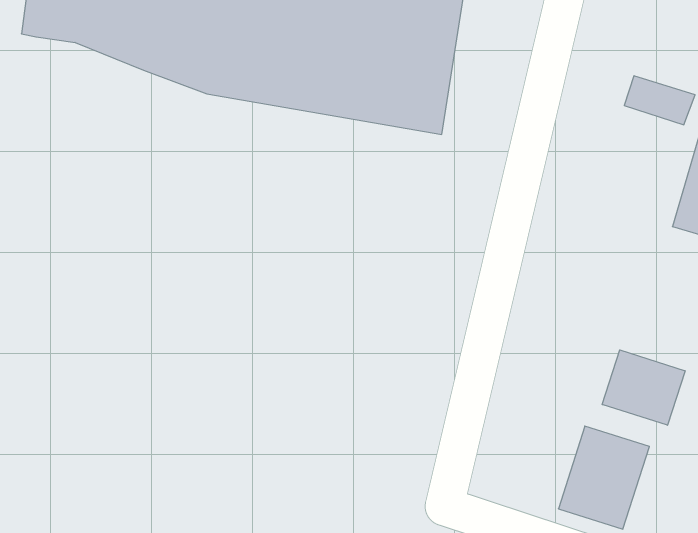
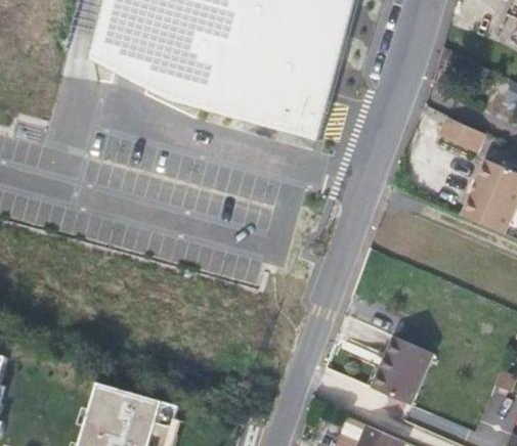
building: [602,350,685,425] -> none

